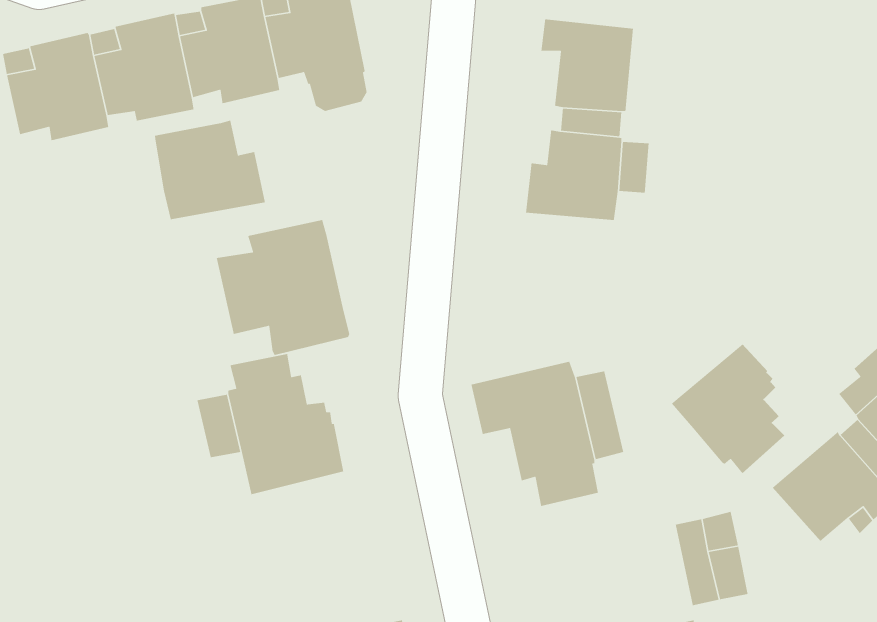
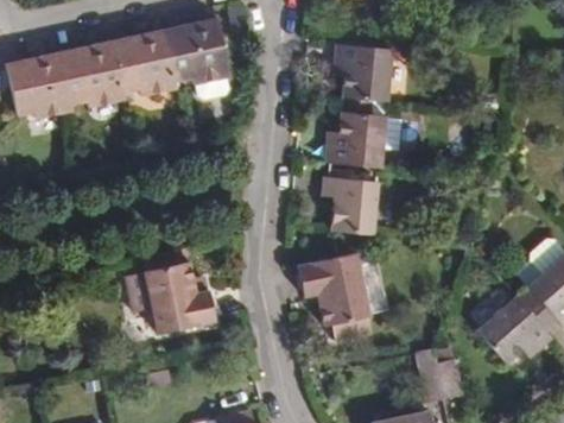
building: [154,119,266,220] -> none
building: [216,219,350,356] -> none
building: none -> [323,178,378,234]
building: [671,344,785,474] -> none

